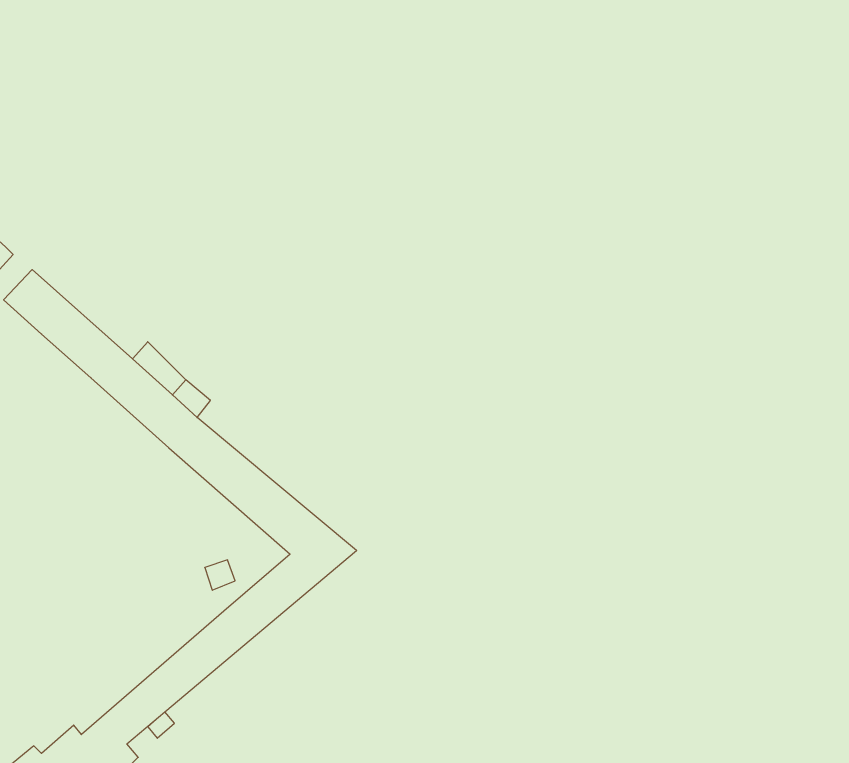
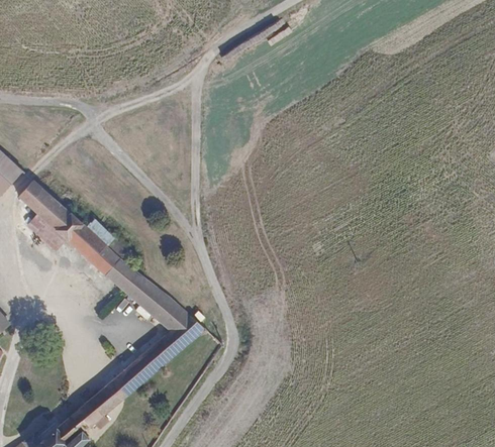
building: none -> [27,215,64,250]

